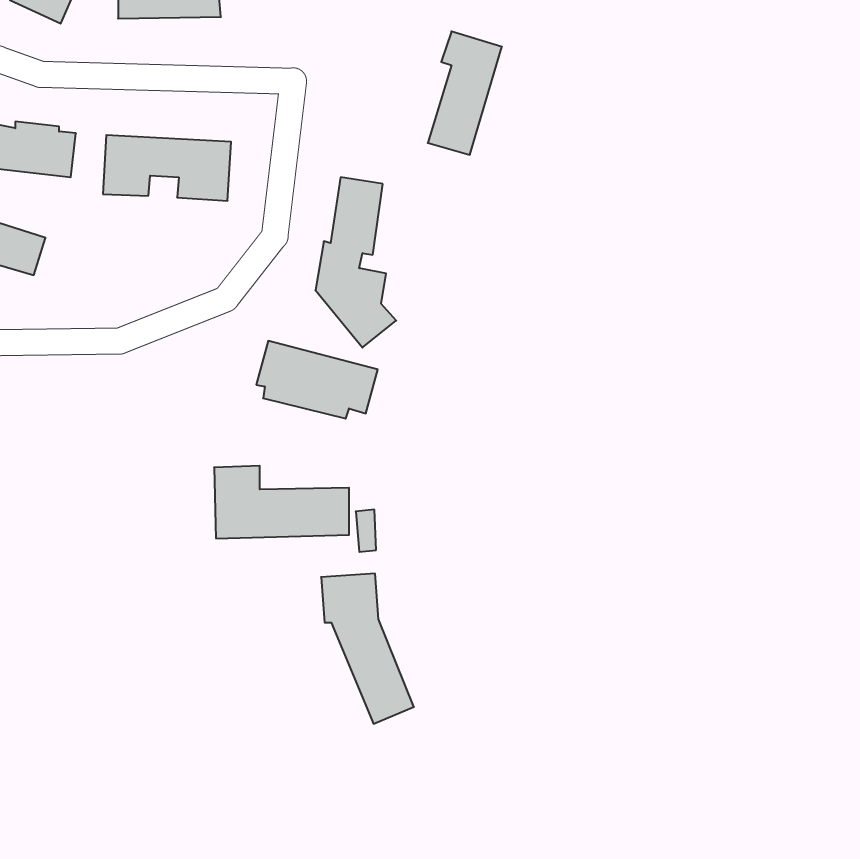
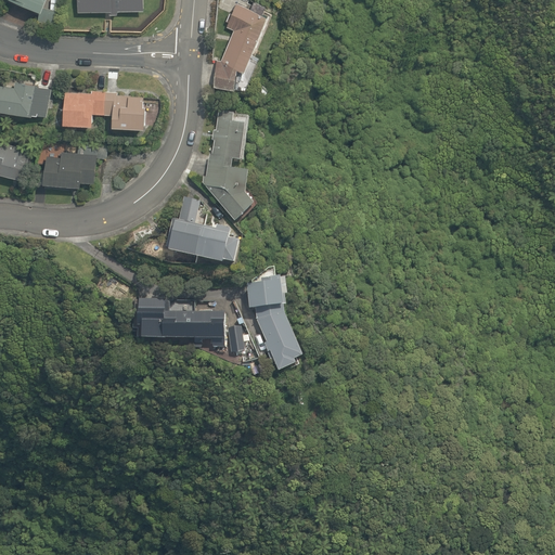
building: [428,31,502,155] -> [217,9,264,88]
building: none -> [47,139,107,185]
building: [321,574,414,724] -> [246,281,306,377]

